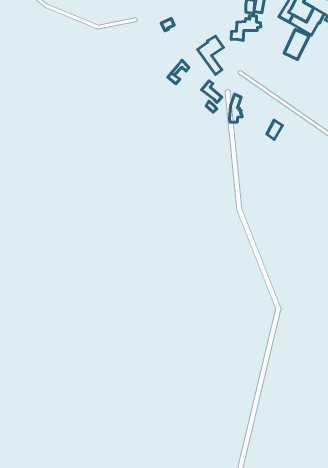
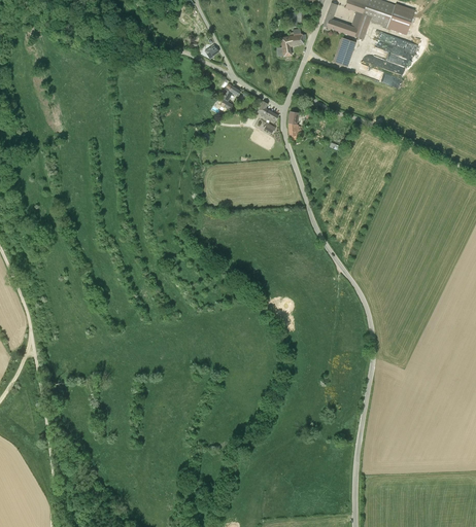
building: [198,36,224,74] -> none

